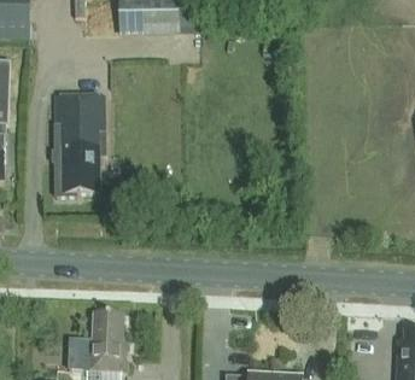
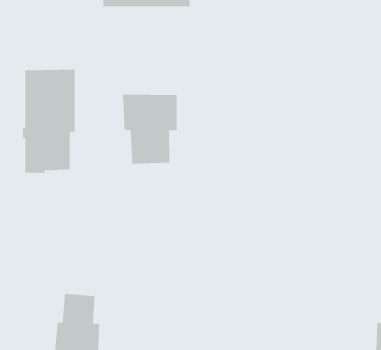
building: none -> [123,94,177,165]

